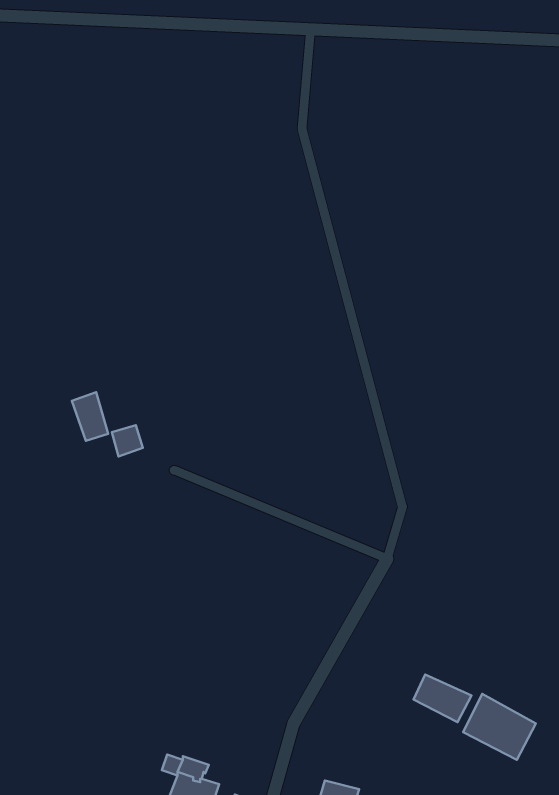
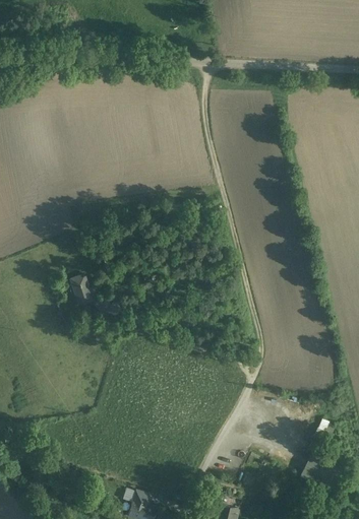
building: [414,675,472,722] -> none

